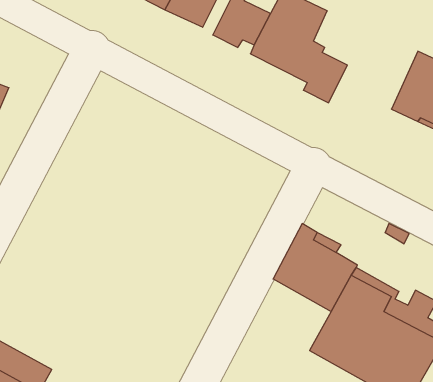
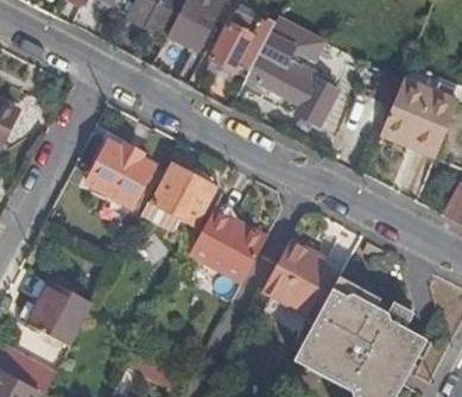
building: none -> [88,140,157,207]
building: none -> [145,163,216,227]
building: none -> [191,207,270,279]
building: none -> [26,284,93,351]

